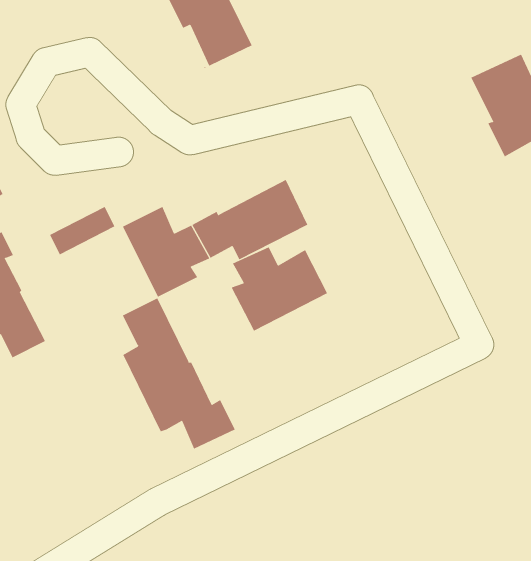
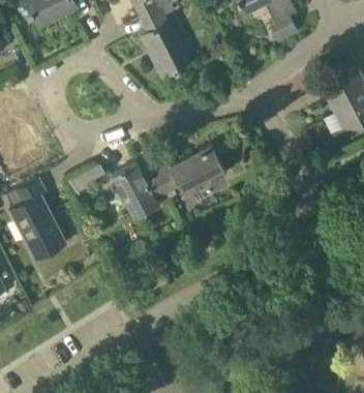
building: [231,246,328,332] -> none
building: [122,297,235,449] -> none

